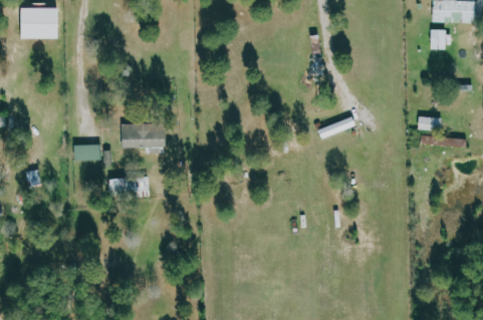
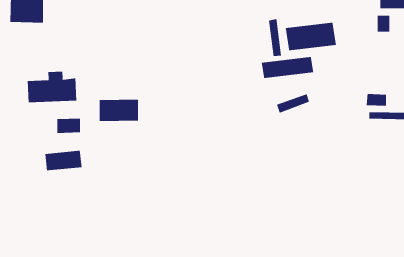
building: none -> [285,22,336,51]
building: none -> [261,56,314,79]
building: none -> [27,71,77,103]
building: [107,176,150,199] -> [44,150,82,171]

